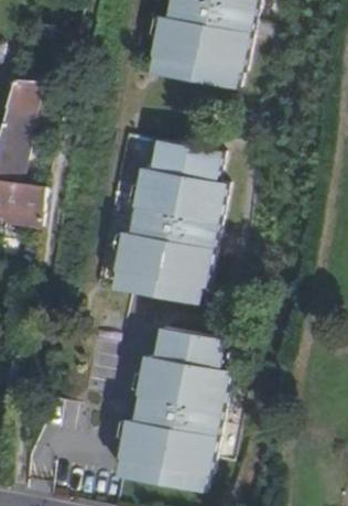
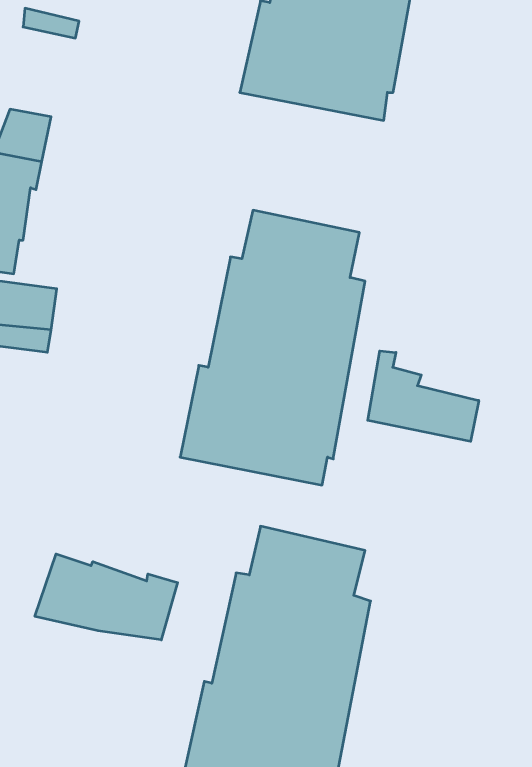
building: none -> [368,351,479,441]
building: none -> [35,554,178,640]

